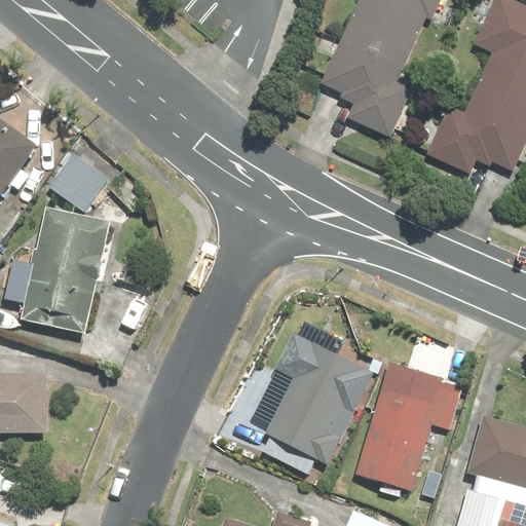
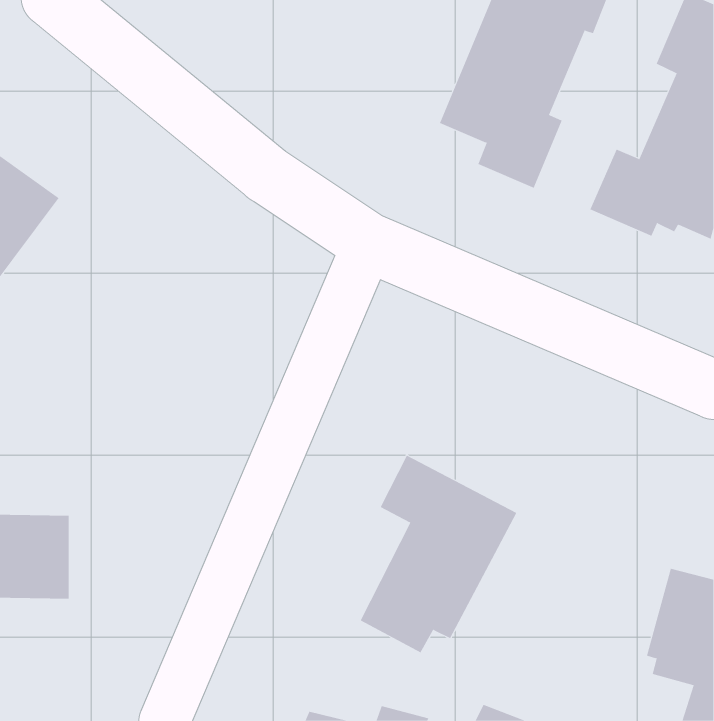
building: [47,150,111,213] -> none
building: [6,211,108,337] -> none
building: [355,360,460,490] -> none

